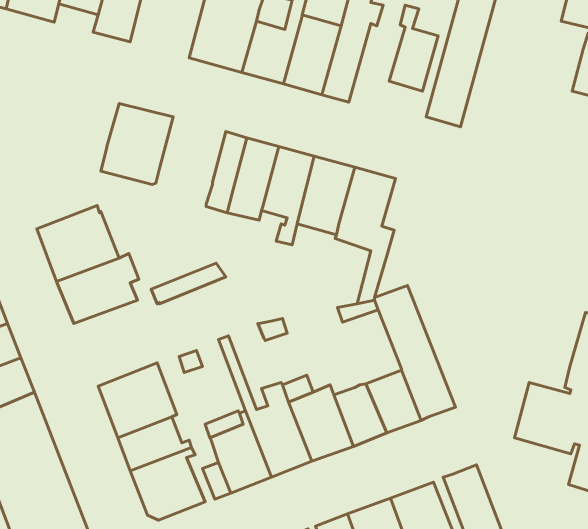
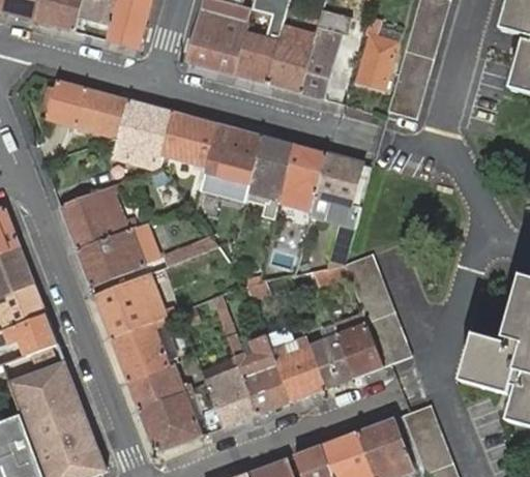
building: none -> [49,80,128,136]
building: none -> [163,111,218,166]
building: none -> [93,272,174,337]

